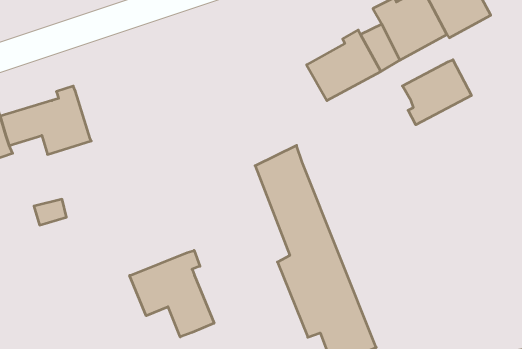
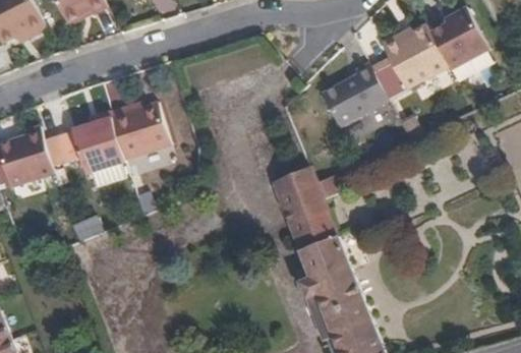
building: [402,60,471,125] -> none
building: none -> [111,103,170,161]
building: [130,250,214,337] -> none

